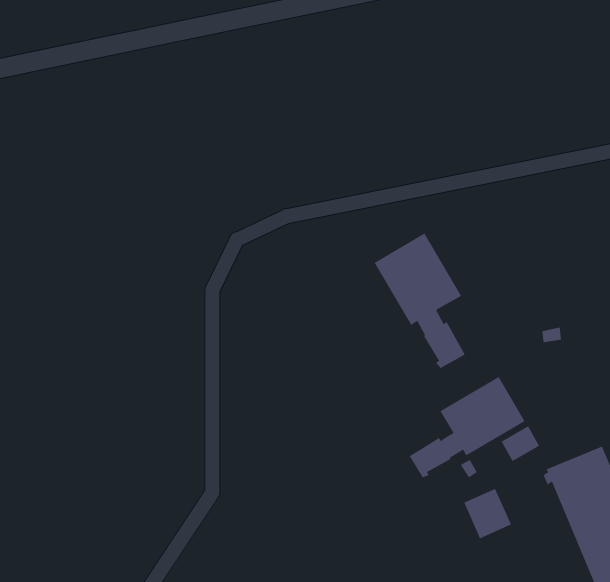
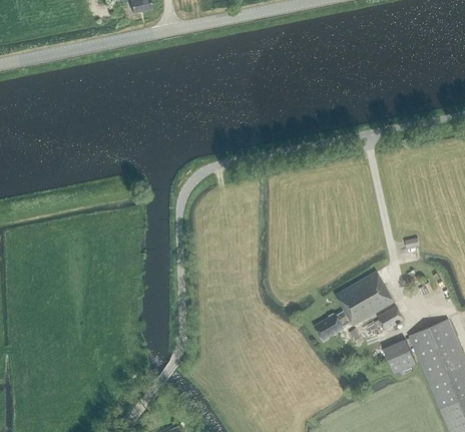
building: [374,232,465,369] -> none
building: [464,488,512,539] -> [383,338,416,373]

